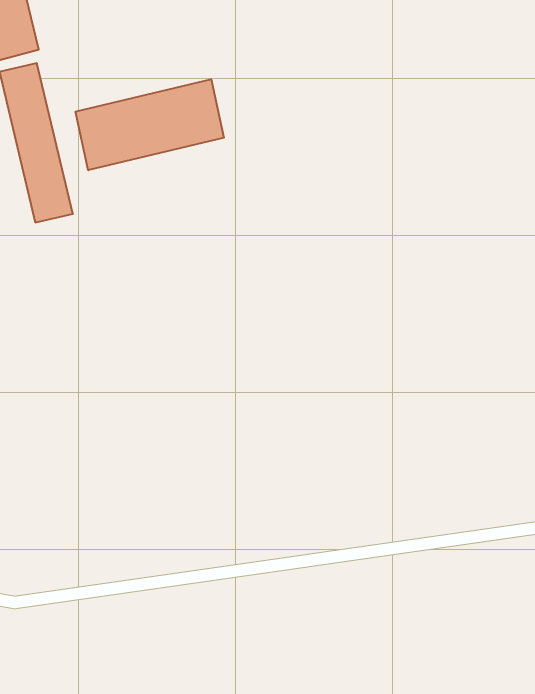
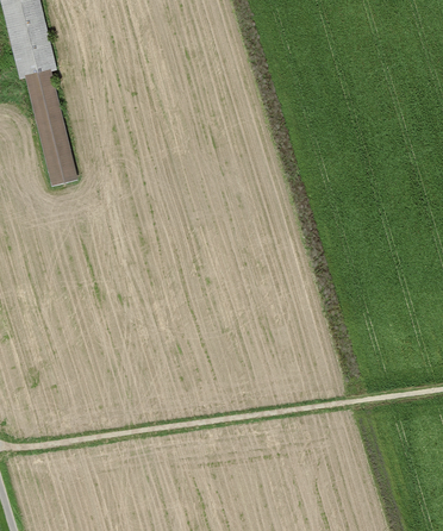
building: [76,79,224,170] -> none

